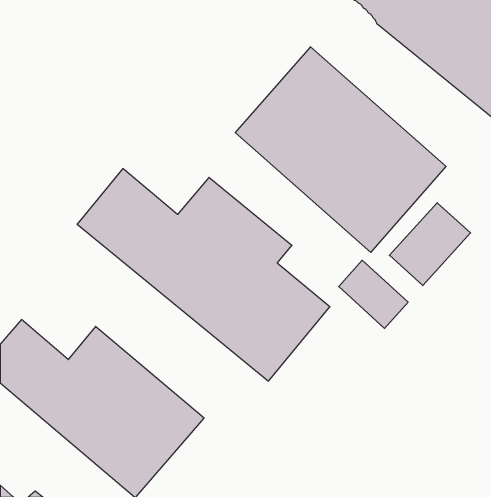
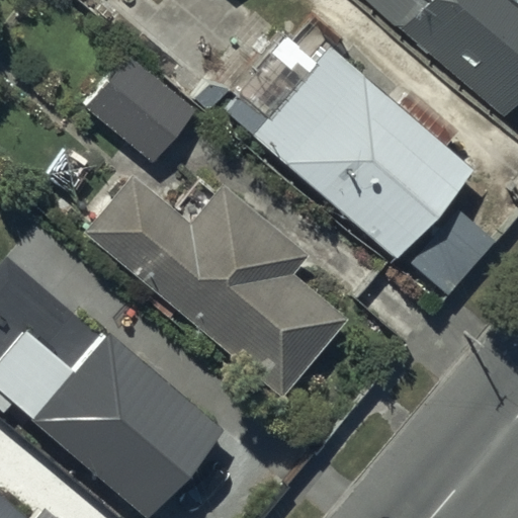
building: none -> [87,56,196,162]

